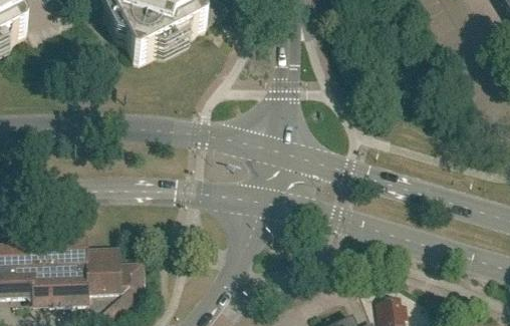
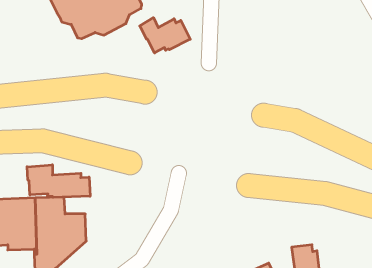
building: none -> [140,18,190,53]
building: none -> [27,165,90,197]

